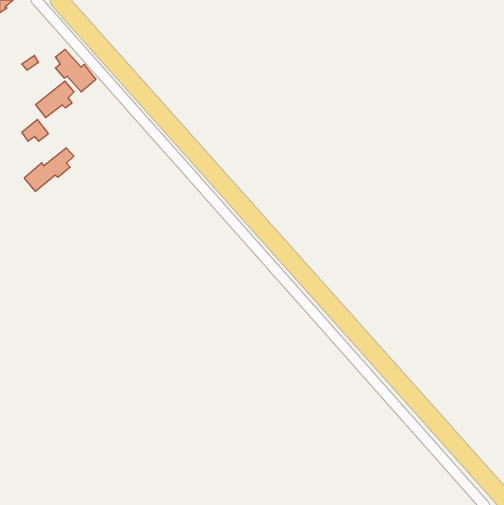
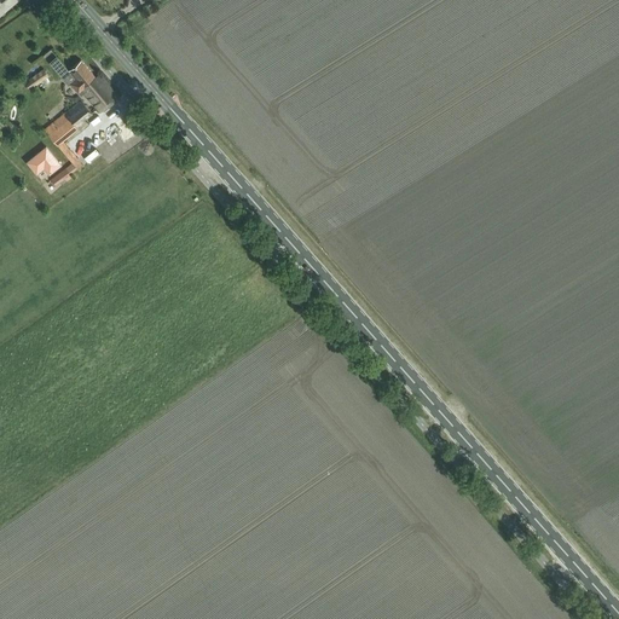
building: [24,148,74,191] -> none

